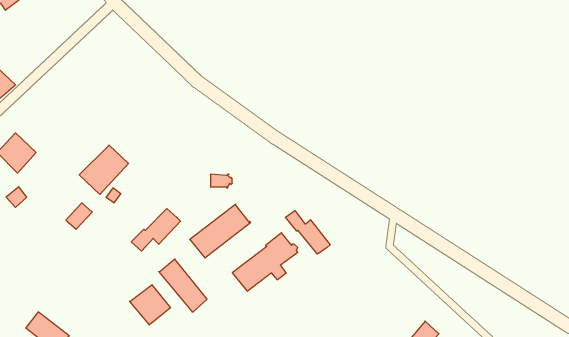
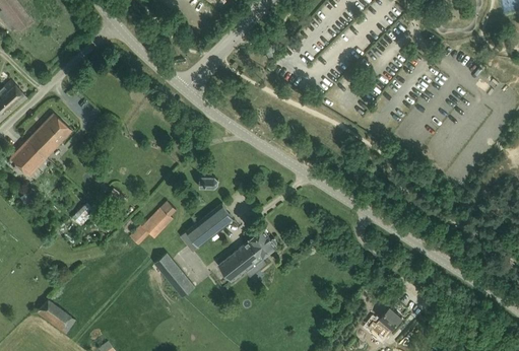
building: [79,145,129,194] -> [26,114,70,157]
building: [285,211,330,254] -> none
building: [130,285,170,325] -> none

